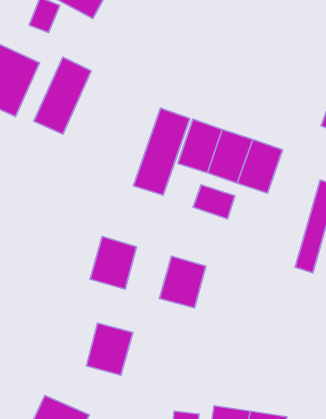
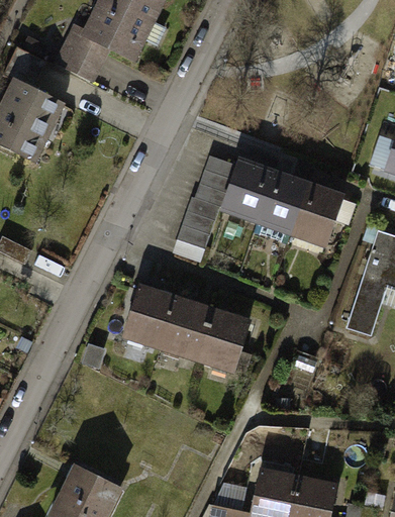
building: [34,57,91,134] -> none
building: [193,185,235,219] -> none
building: [86,323,133,375] -> [164,304,214,360]

